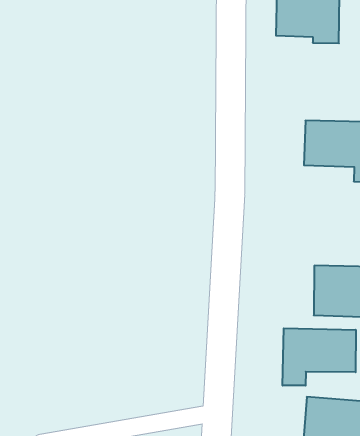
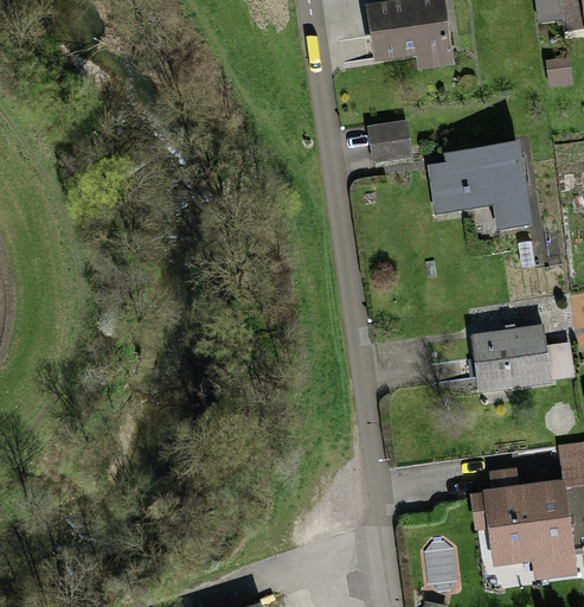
building: none -> [371,121,413,162]
building: [283,328,356,386] -> none

